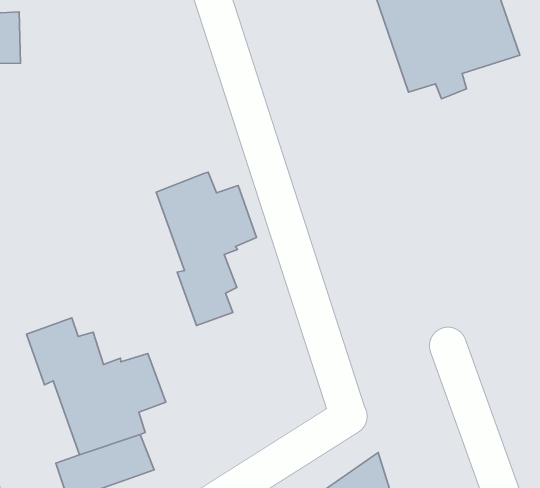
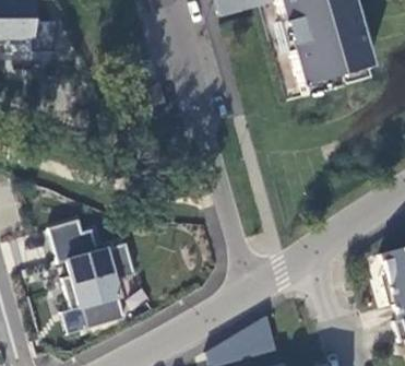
building: [156,172,256,326] -> none

